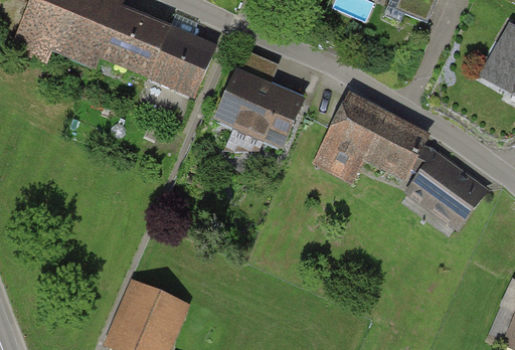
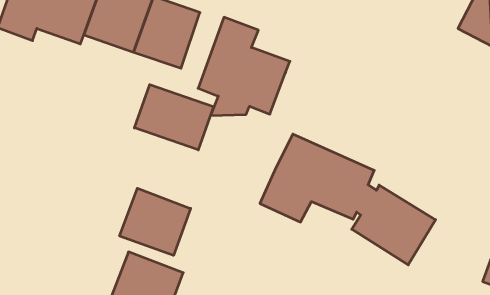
building: [313,92,490,230] -> [260,134,436,265]
building: none -> [134,85,214,150]
building: none -> [120,188,191,255]

